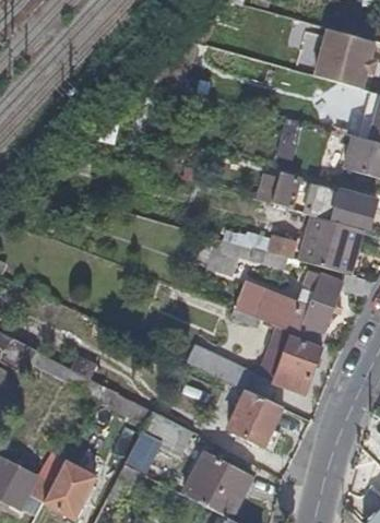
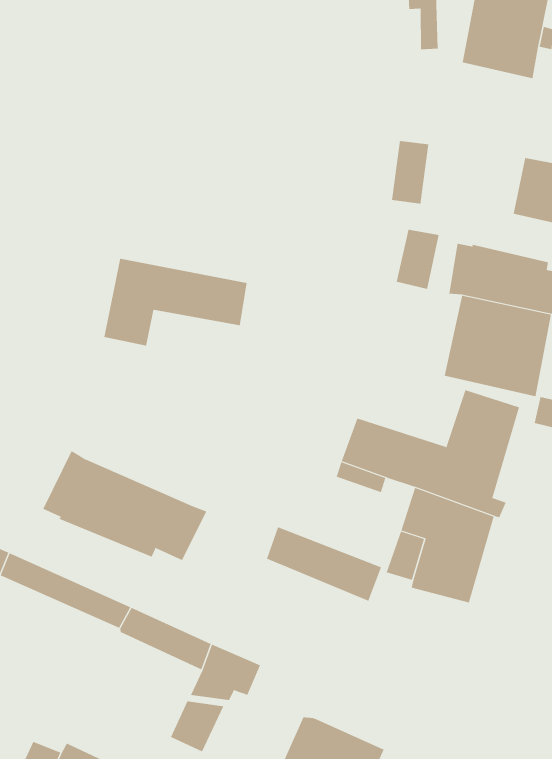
building: [206,224,293,276] -> [104,258,247,346]
building: none -> [42,450,207,561]
building: [229,390,283,448] -> none

